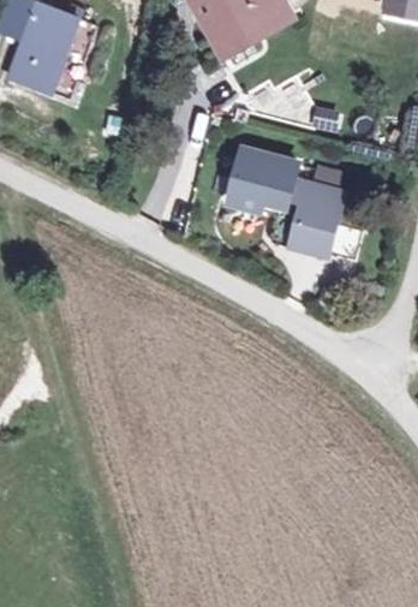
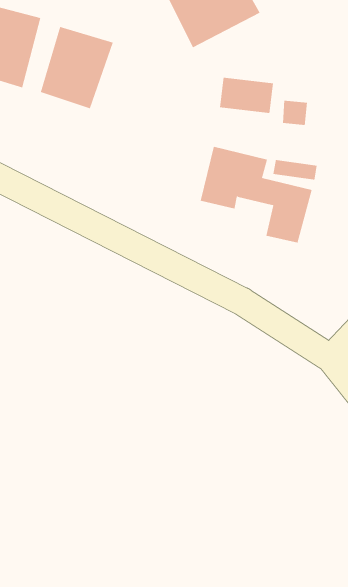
building: none -> [40,26,114,109]

